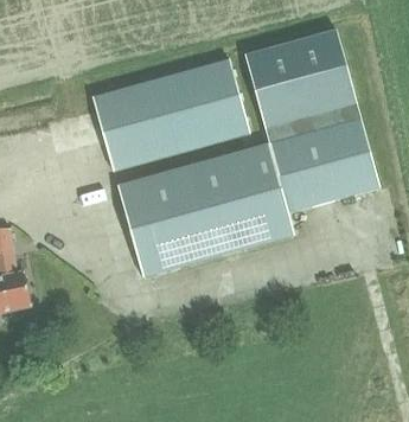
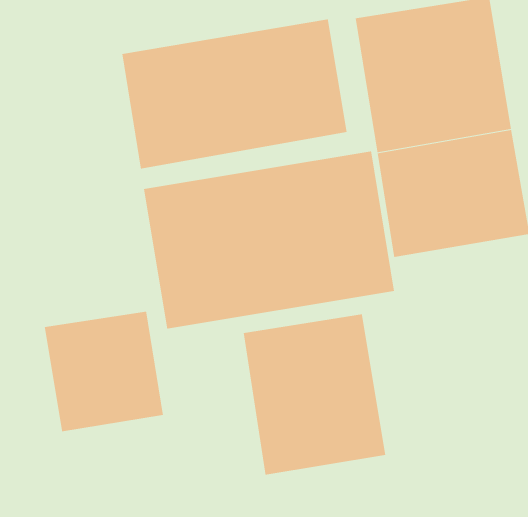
building: none -> [243,313,386,476]
building: none -> [44,311,164,432]

